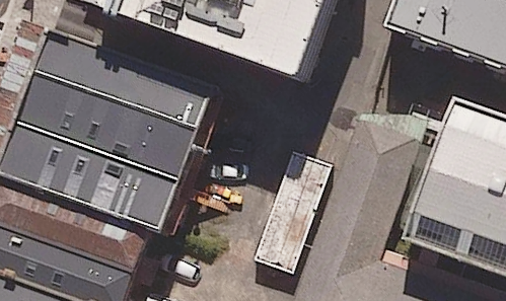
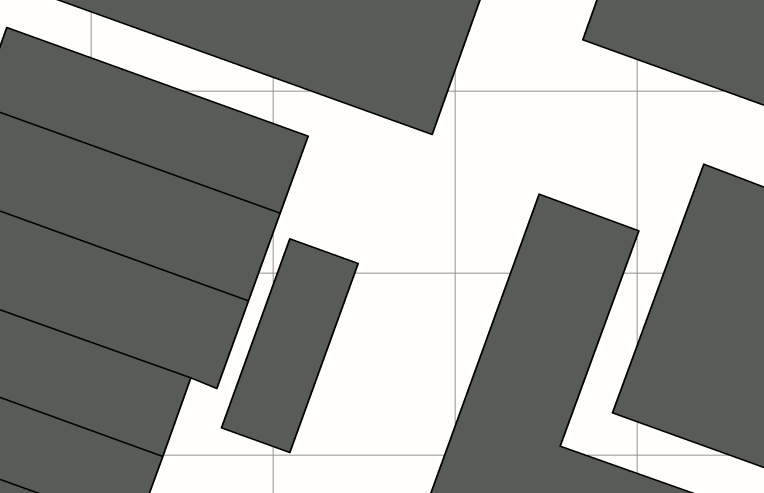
building: [252,148,332,272] -> [221,239,358,452]

